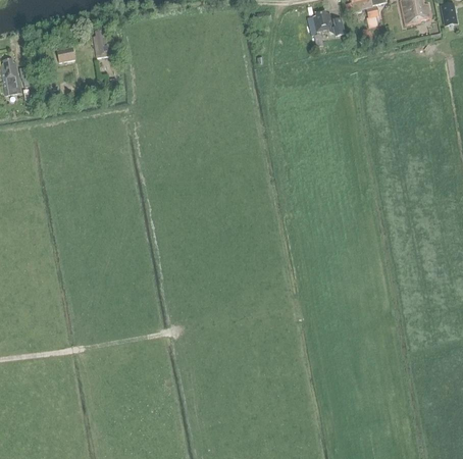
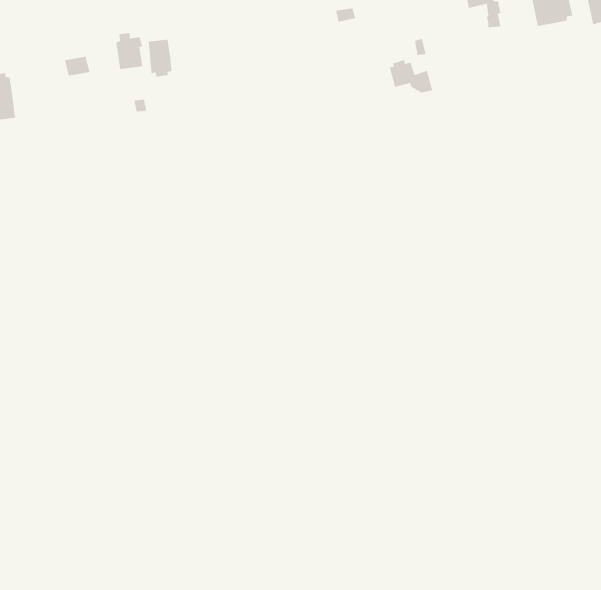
building: [312,9,345,35] -> [389,59,433,94]
building: none -> [148,39,173,78]

